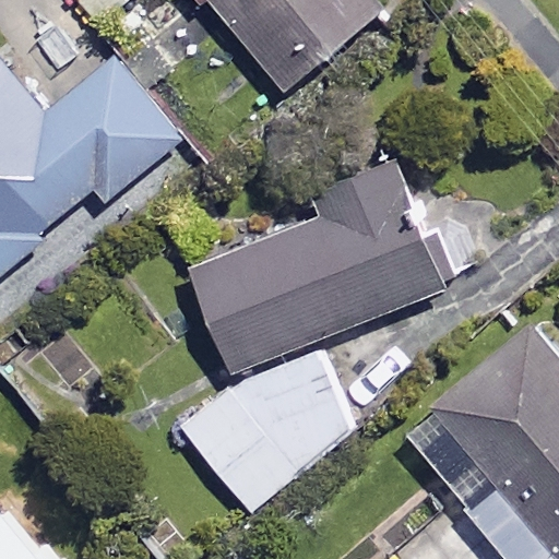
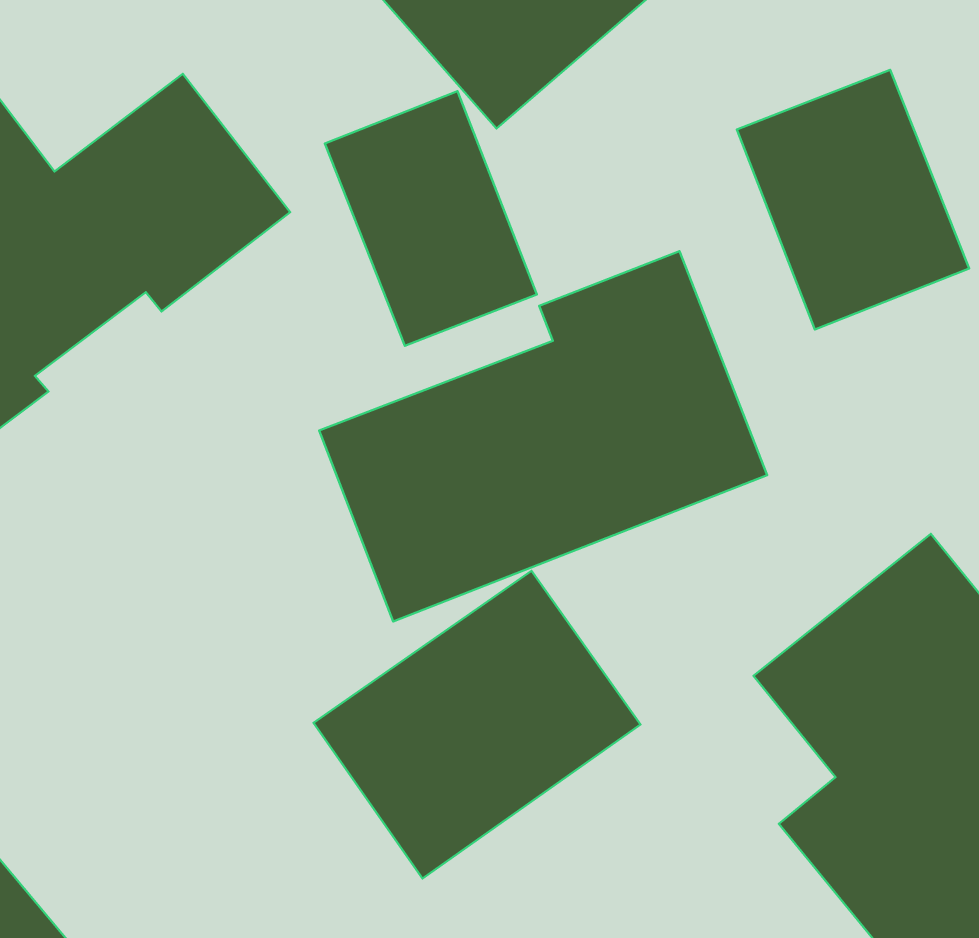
building: none -> [737,70,969,329]
building: none -> [325,91,537,346]

